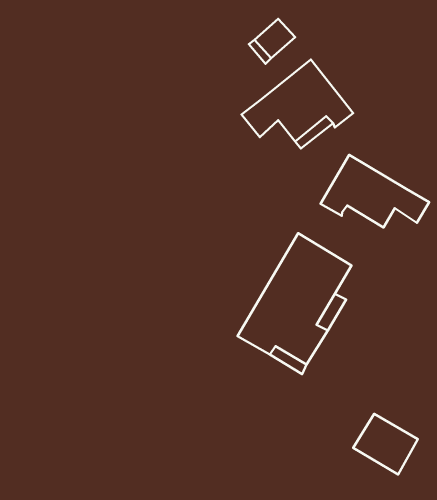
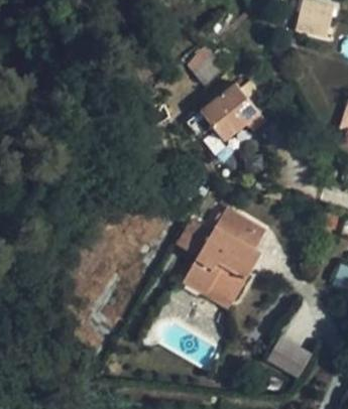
building: [321,155,429,227] -> none

